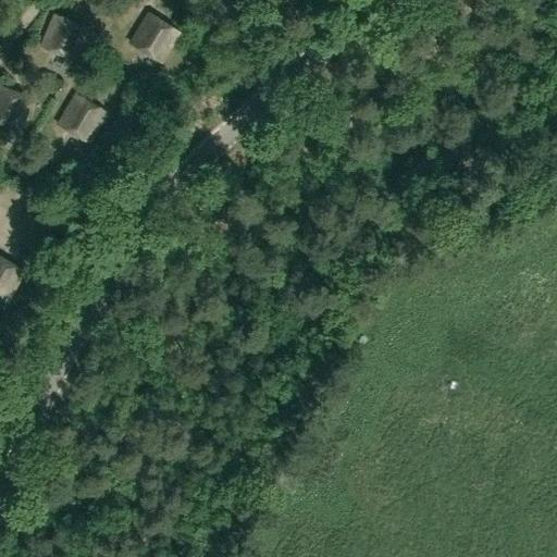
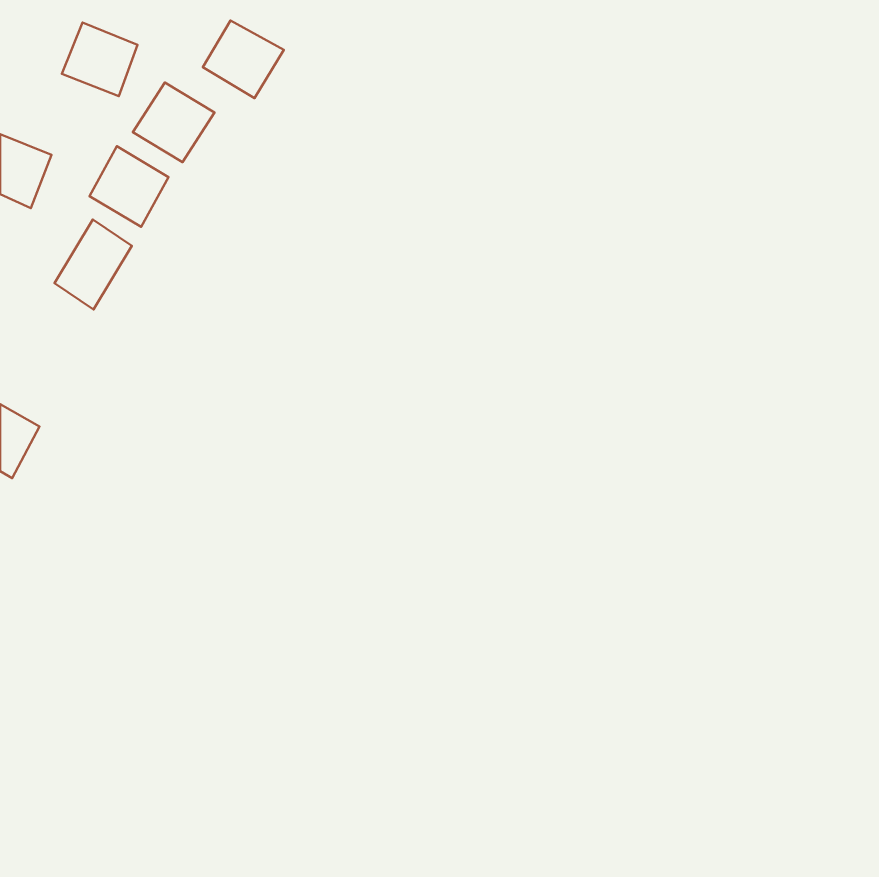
building: none -> [133,83,215,162]
building: none -> [54,219,132,310]

